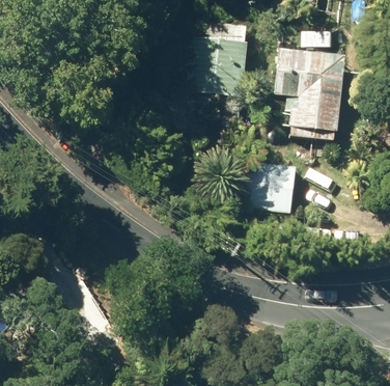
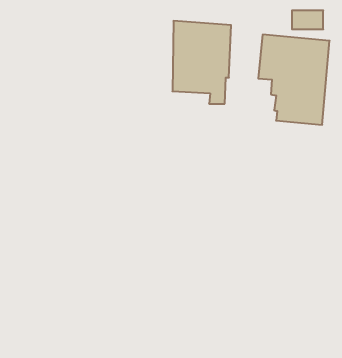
building: [247,160,300,210] -> none

